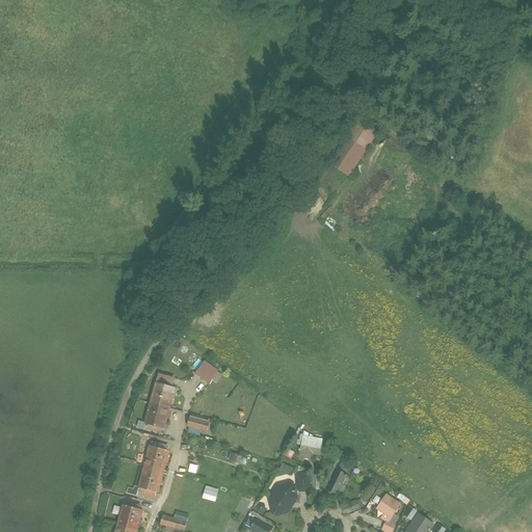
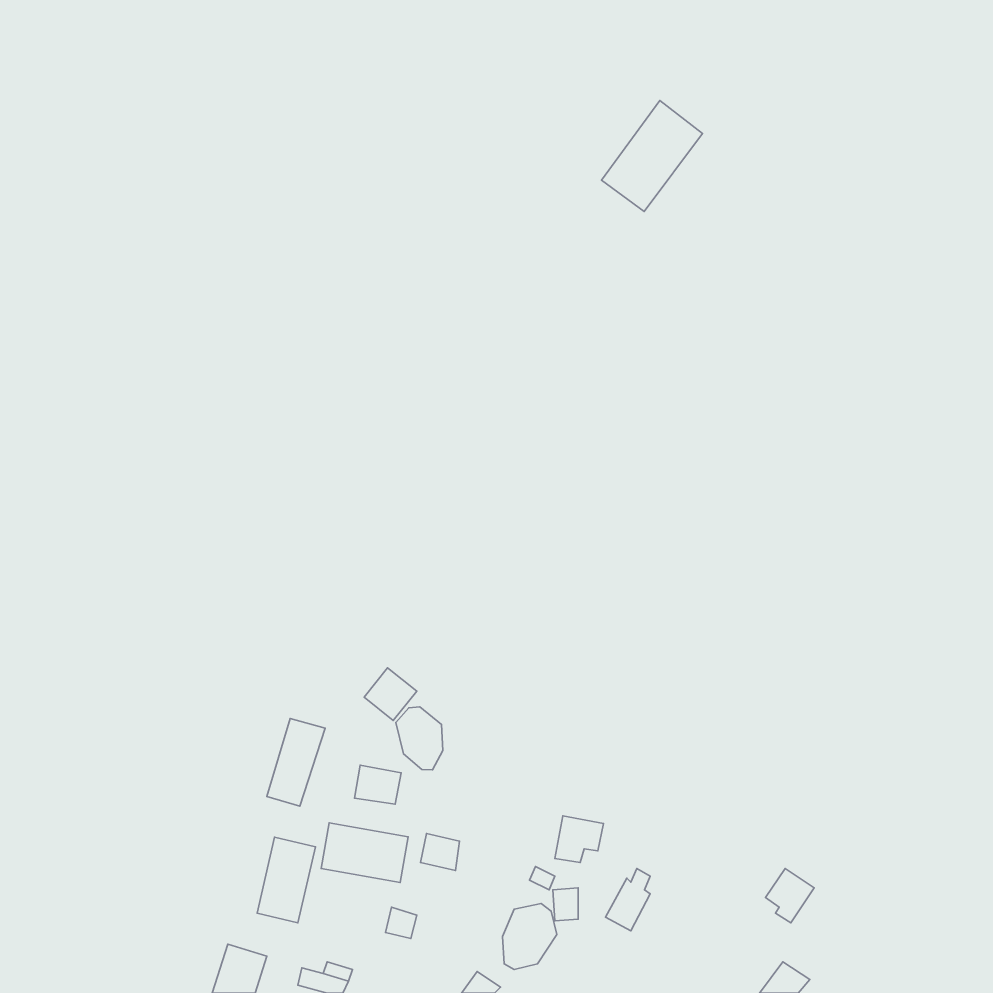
building: [325,117,379,177] -> [601,100,703,211]
building: none -> [396,707,443,770]
building: none -> [321,823,408,883]
building: [374,495,400,524] -> [766,868,814,923]

